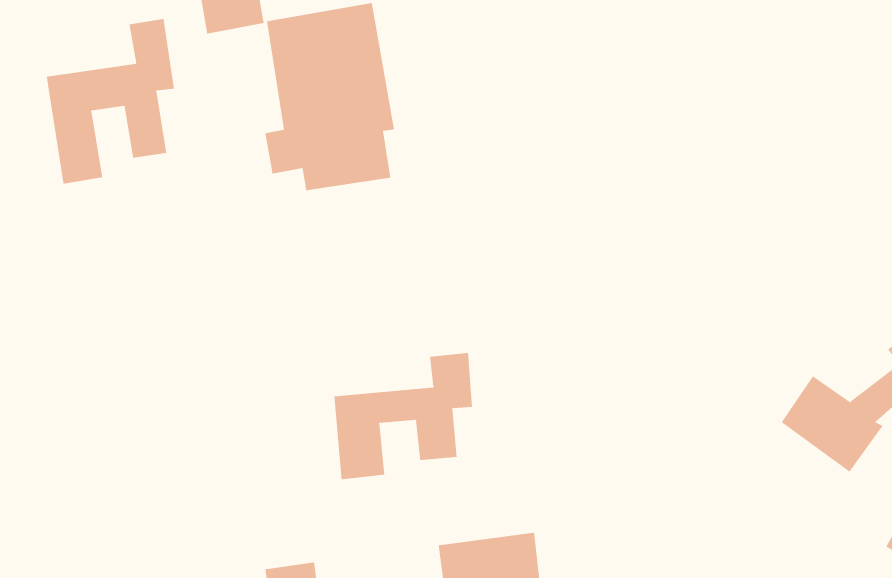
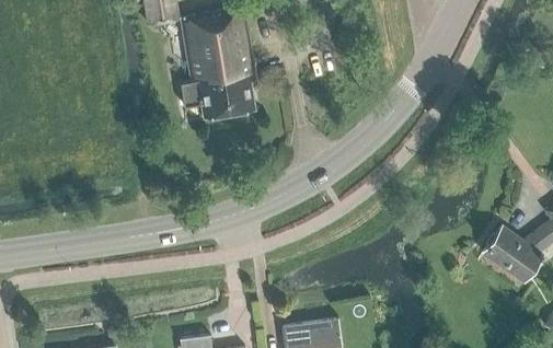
building: [46,18,175,185] -> none
building: [334,352,473,480] -> none

